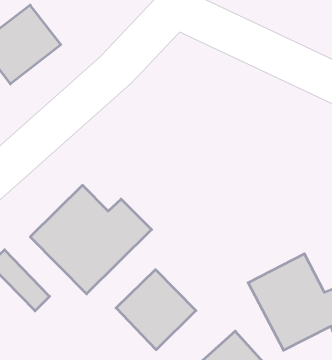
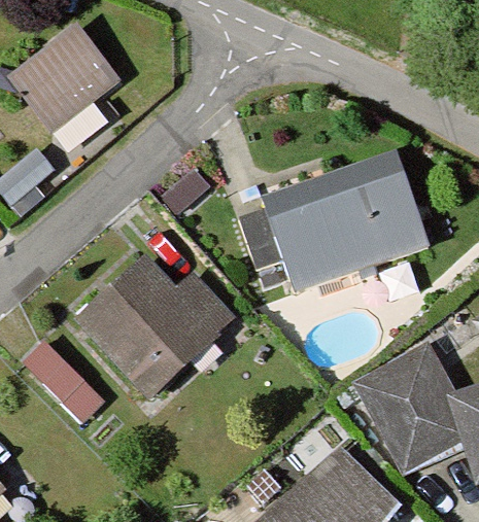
building: none -> [245,174,425,287]
building: [116,270,196,350] -> none

